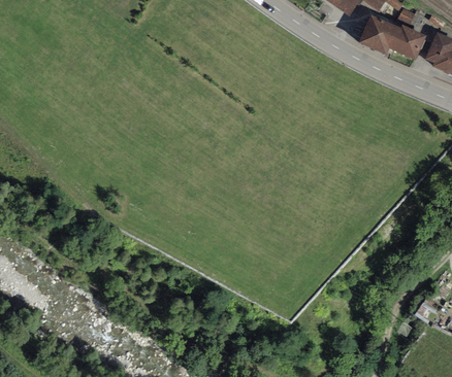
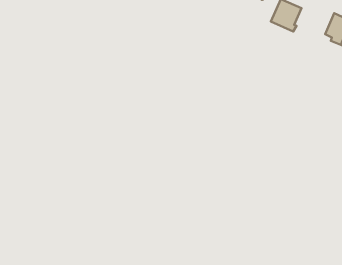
building: [386,23,425,59] -> none

